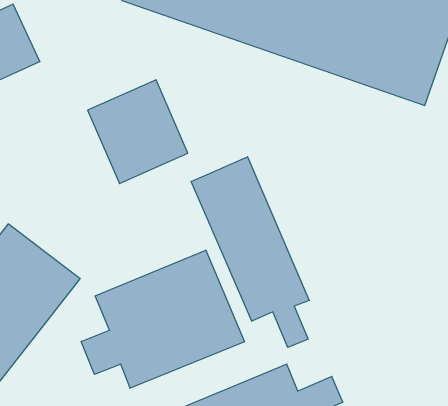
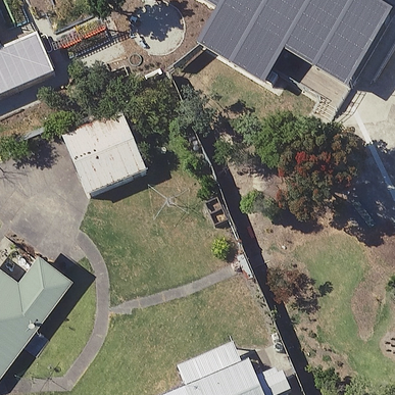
building: [191,157,309,347] -> none
building: [81,250,244,388] -> none

